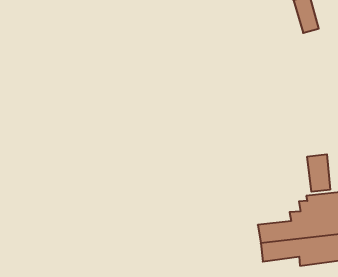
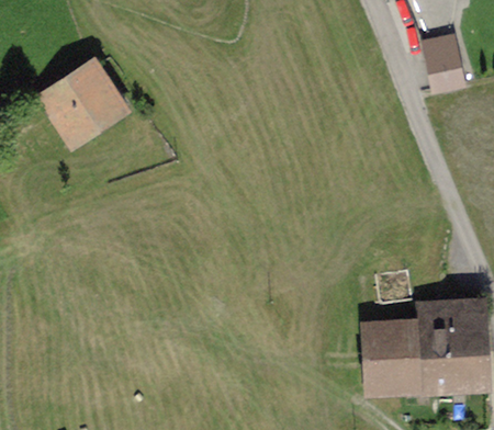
building: none -> [48,66,123,135]
building: [307,154,330,192] -> none

